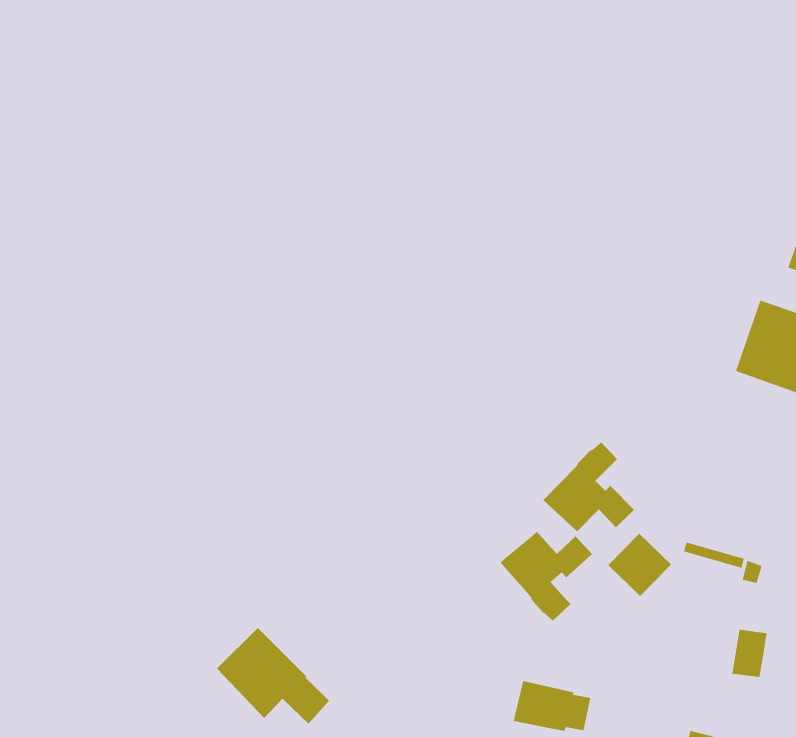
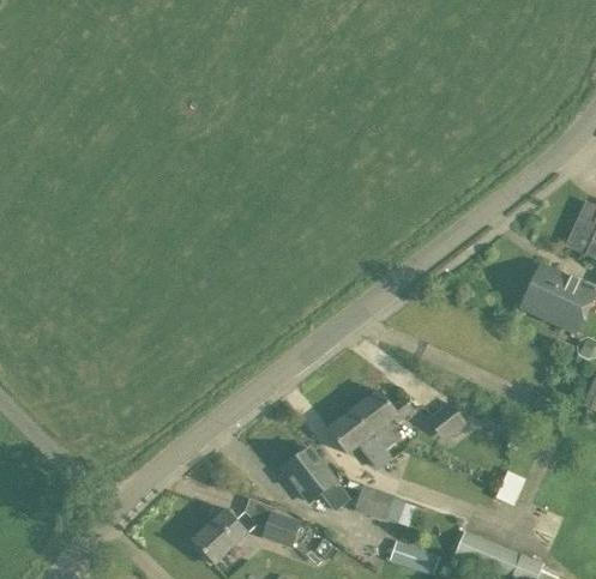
building: [543,441,635,532] -> none
building: none -> [330,408,373,452]
building: [216,627,330,724] -> [279,445,349,511]

